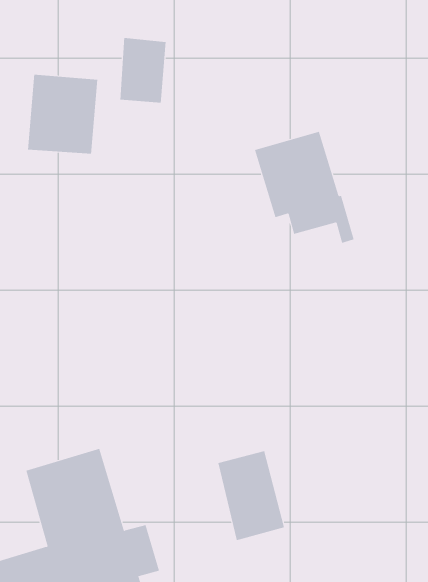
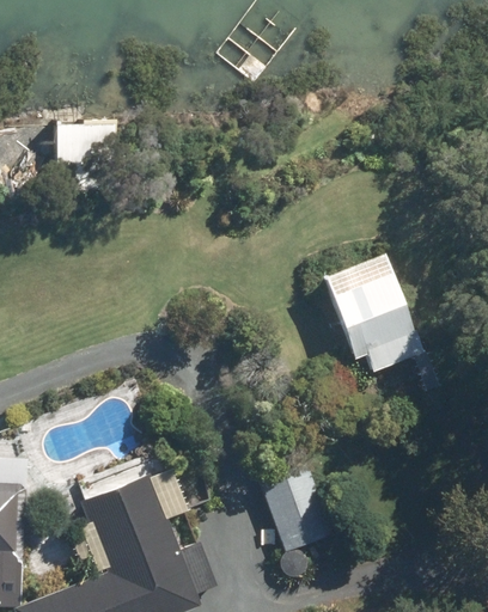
building: [120,37,166,104] -> none
building: [254,131,354,243] -> [328,269,431,374]

